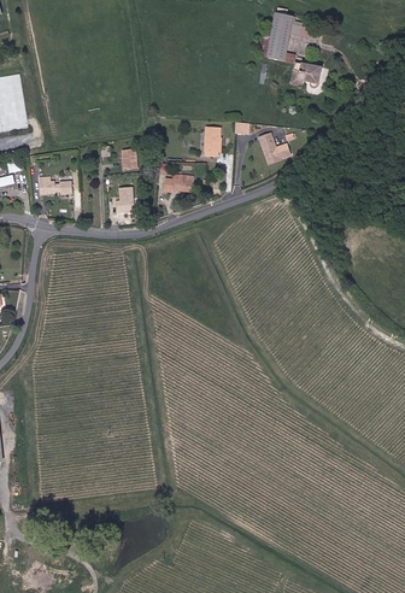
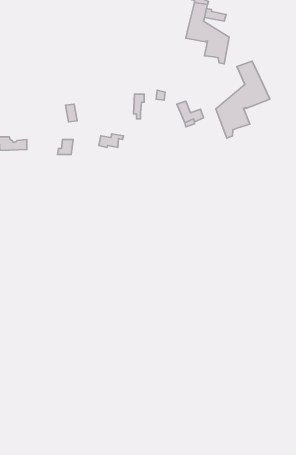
building: none -> [216,61,270,138]

